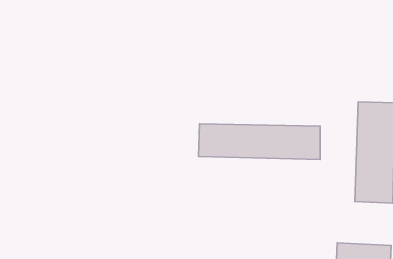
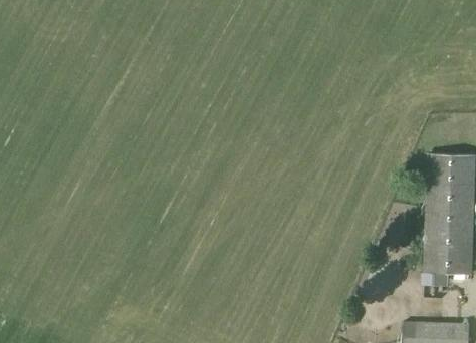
building: [198,124,320,160] -> none

